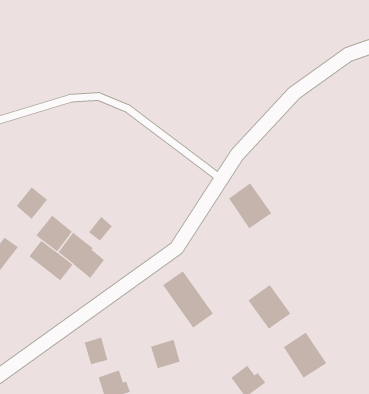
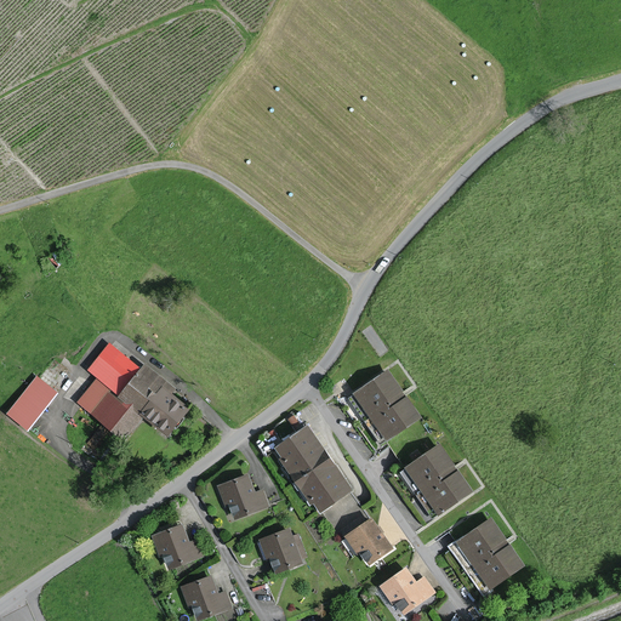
building: [228,182,272,229] -> [353,370,420,440]
building: [16,187,48,220] -> none
building: [88,216,112,242] -> none
building: none -> [218,475,267,519]
building: none -> [343,518,391,568]

